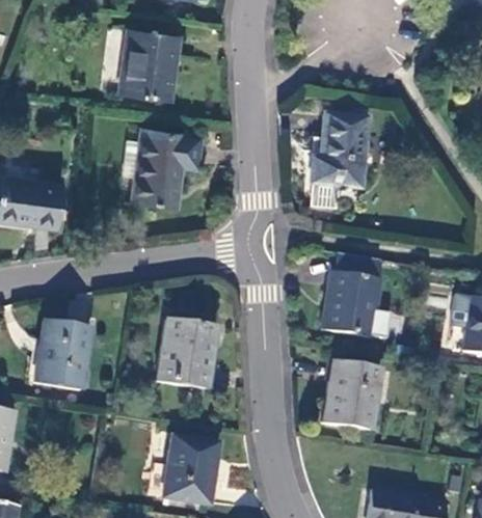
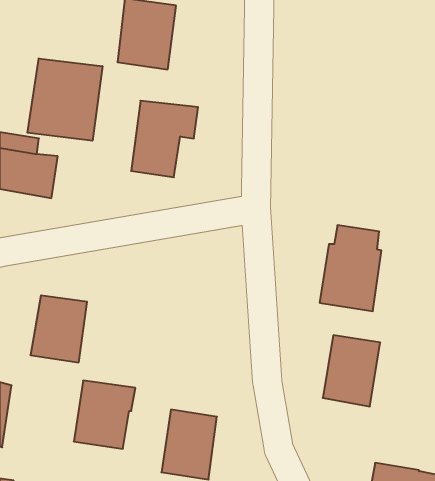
building: none -> [27,58,102,141]
building: [312,114,367,187] -> none
building: [156,320,217,387] -> [74,381,135,449]

